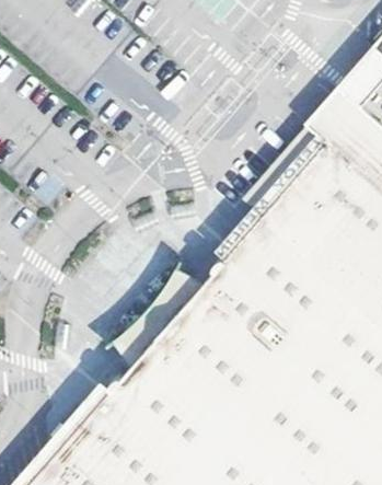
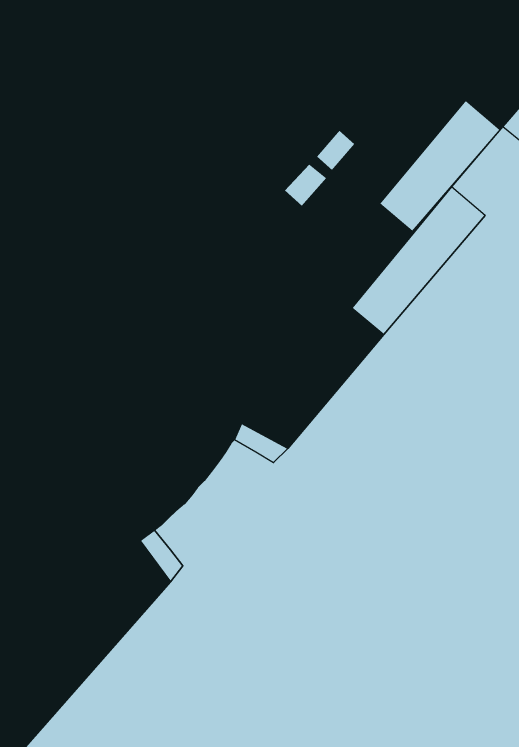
building: none -> [380,100,500,231]

